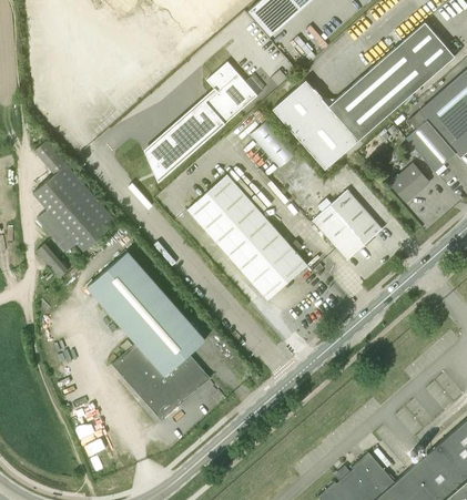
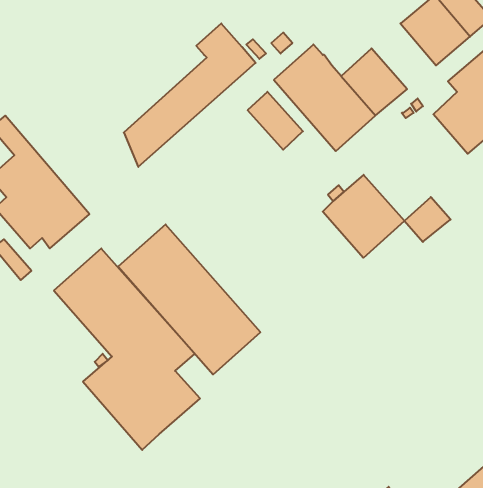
building: [354,63,408,118] -> none
building: [390,164,429,202] -> [404,197,451,242]
building: [187,174,307,300] -> [118,224,260,374]

